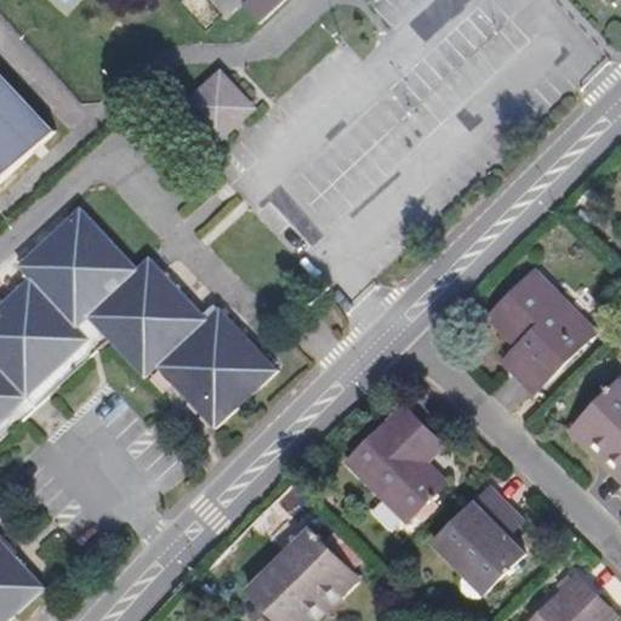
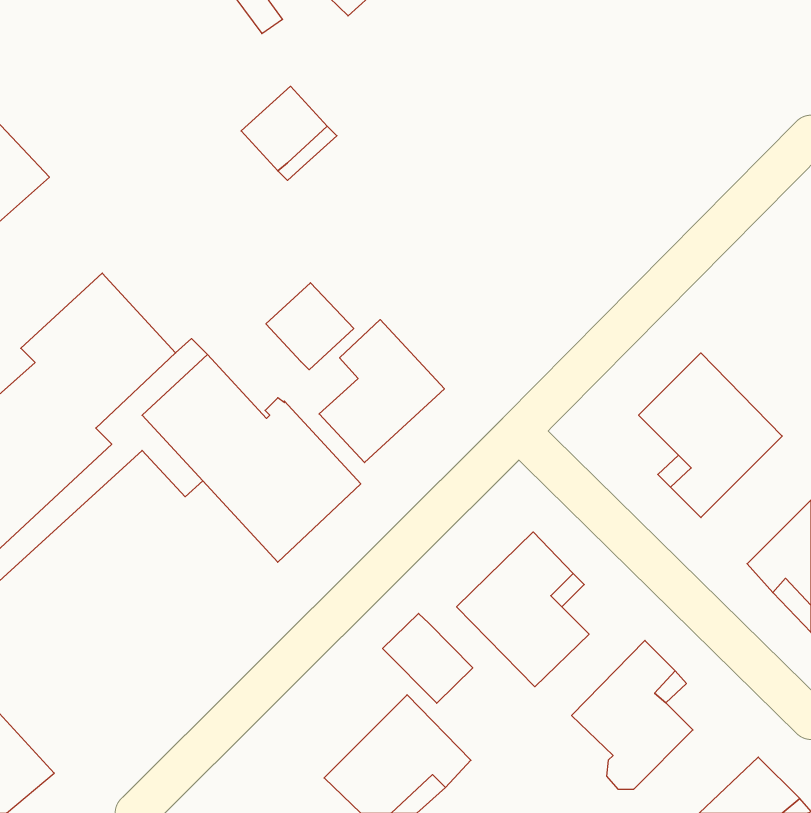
building: none -> [266,283,354,370]
building: none -> [319,320,444,463]
building: none -> [383,613,473,703]

